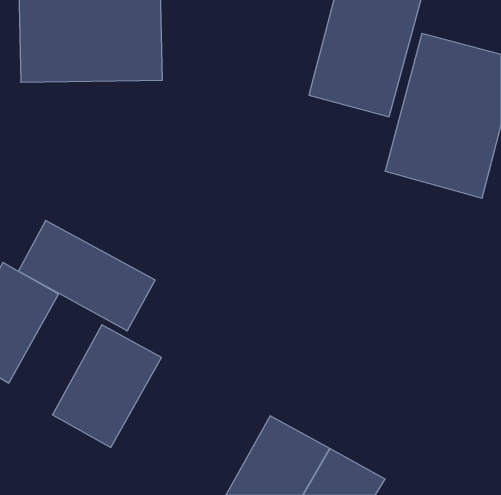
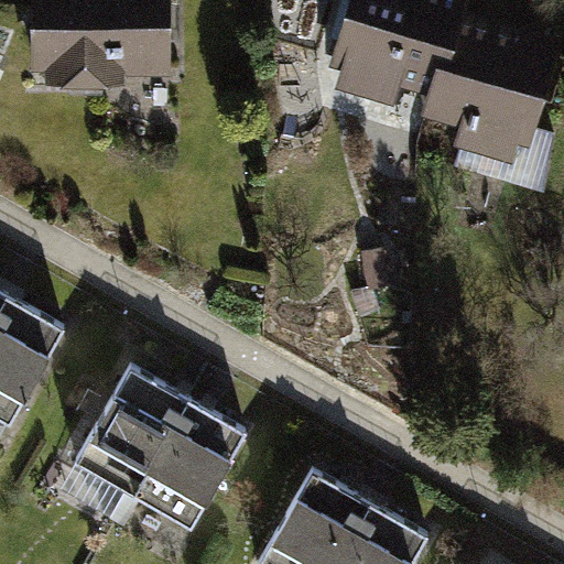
building: [18,220,155,331] -> none
building: none -> [123,398,241,532]

